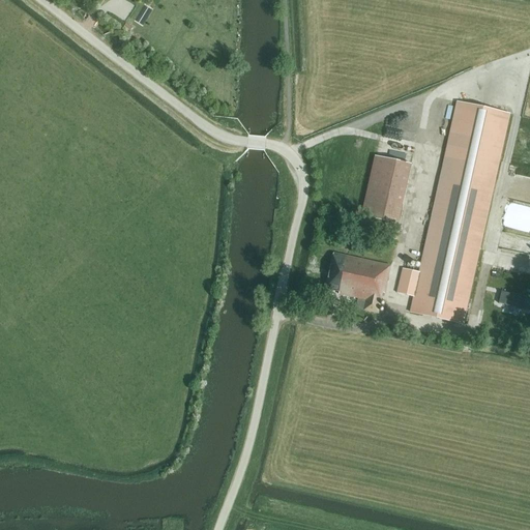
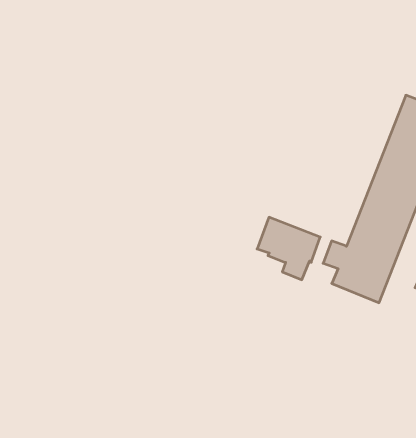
building: [360,154,411,224] -> none

